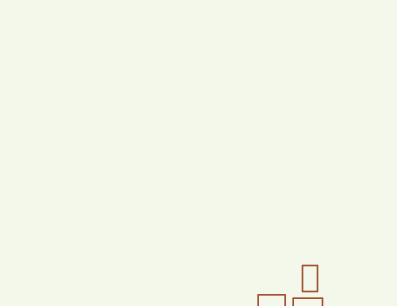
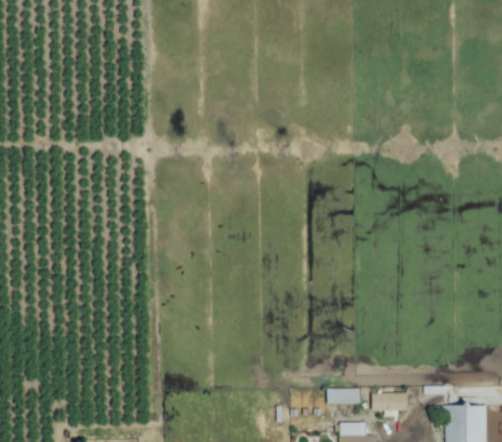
building: [302,265,317,291] -> none

